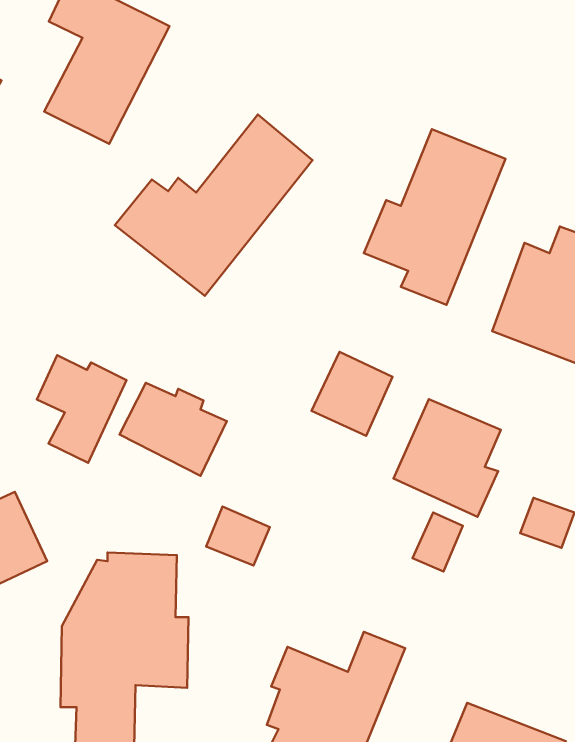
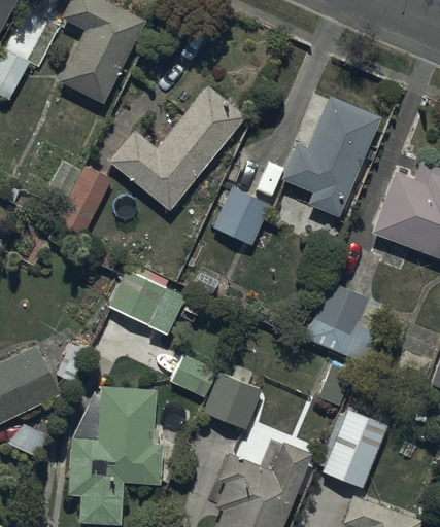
building: [312,352,393,436] -> [214,187,271,246]
building: [37,355,127,463] -> [47,162,110,237]
building: none -> [202,367,261,429]
building: none -> [320,410,387,489]

